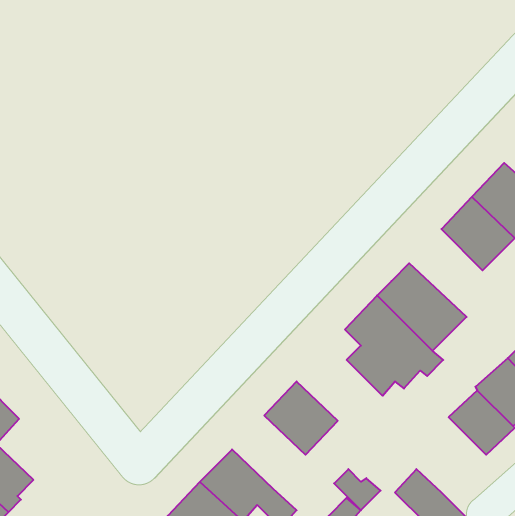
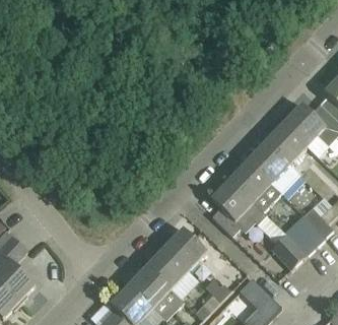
building: none -> [248,141,298,191]
building: none -> [147,247,189,288]

